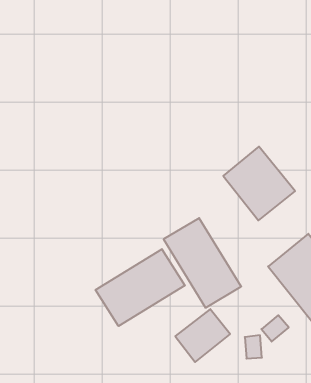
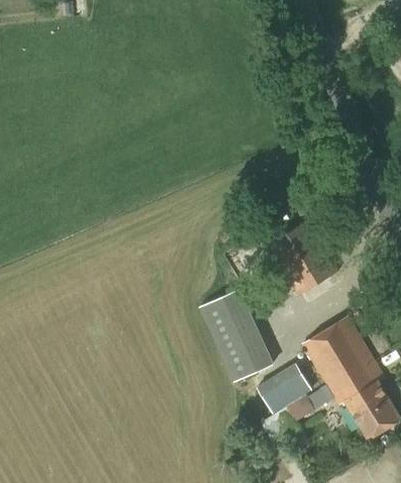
building: [96,249,185,326] -> none
building: [175,309,230,362] -> [256,361,312,413]

